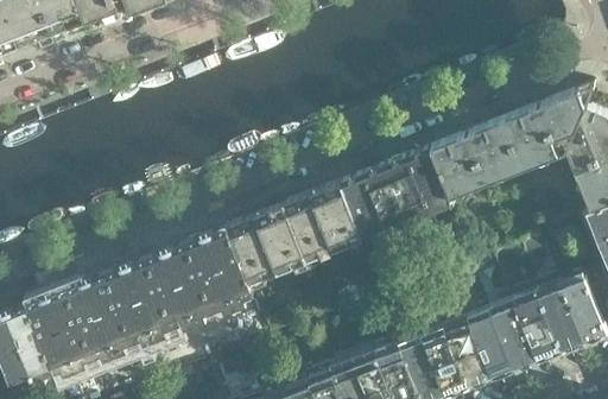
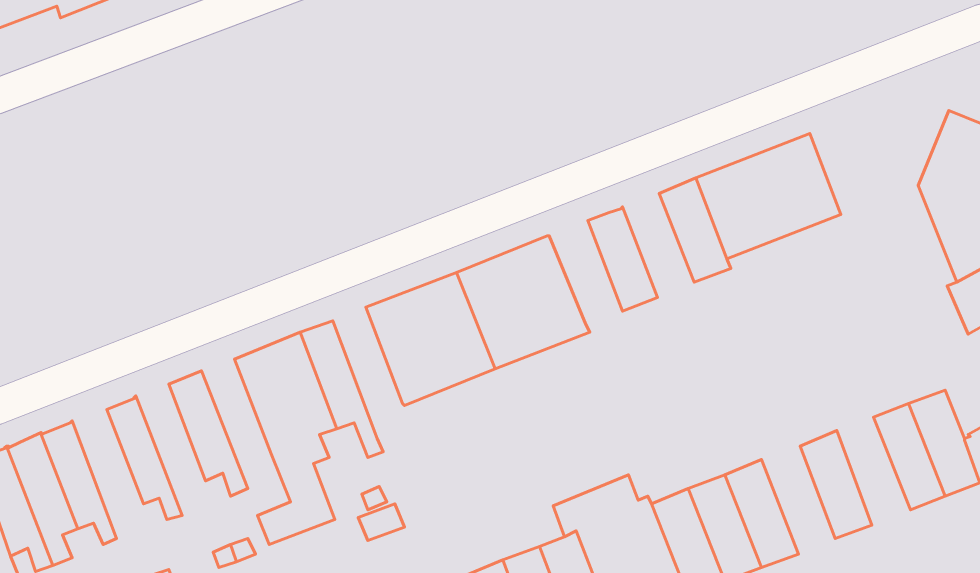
building: [500,84,595,170] -> none
building: [385,157,429,221] -> none
building: [340,173,385,238] -> none
building: [207,227,249,308] -> none
building: [126,259,169,338] -> none
building: [86,274,128,355] -> none
building: [46,289,90,369] -> none
building: [517,294,562,361] -> none
building: [470,312,515,379] -> none

